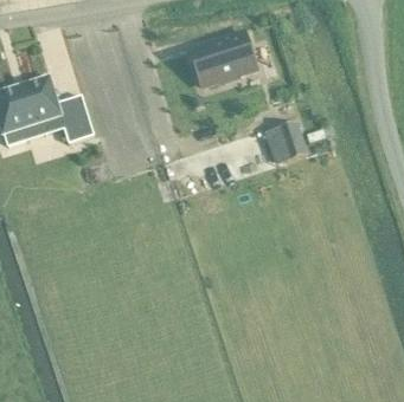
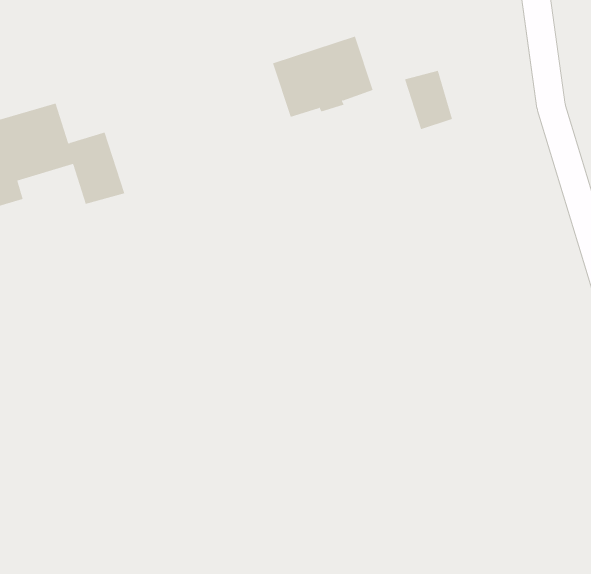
building: [276,122,308,161] -> [404,70,453,130]

